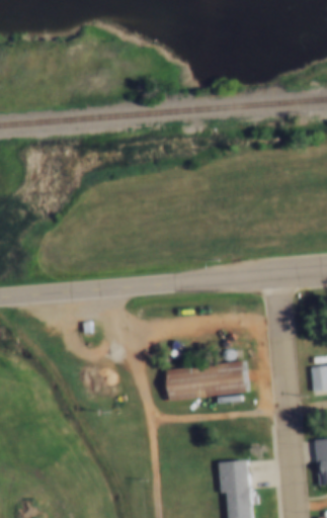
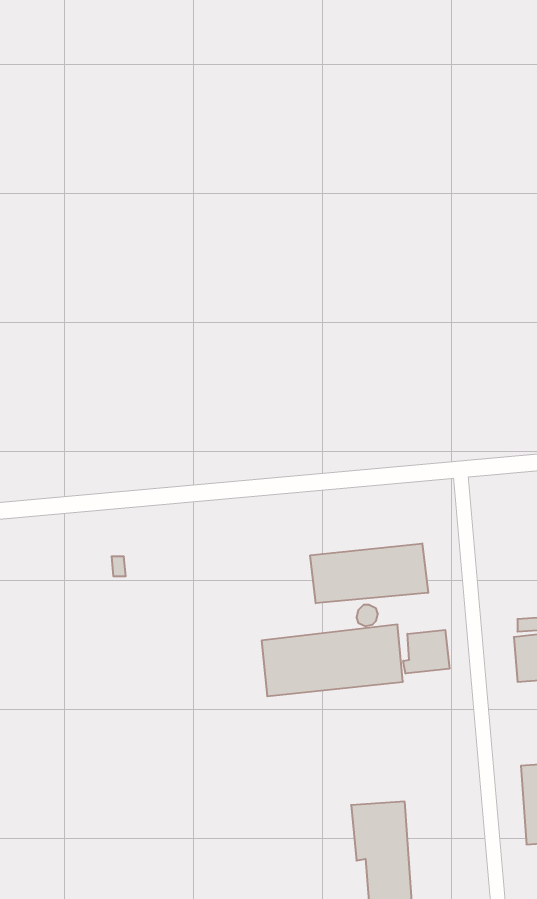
building: none -> [310,543,428,603]
building: none -> [403,630,449,674]

